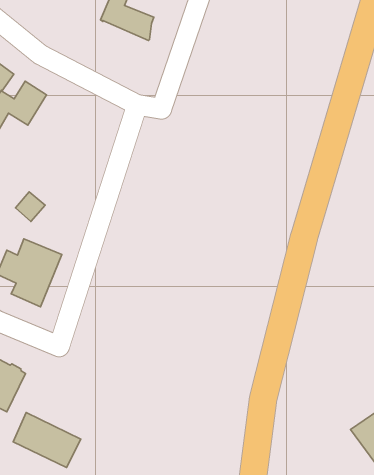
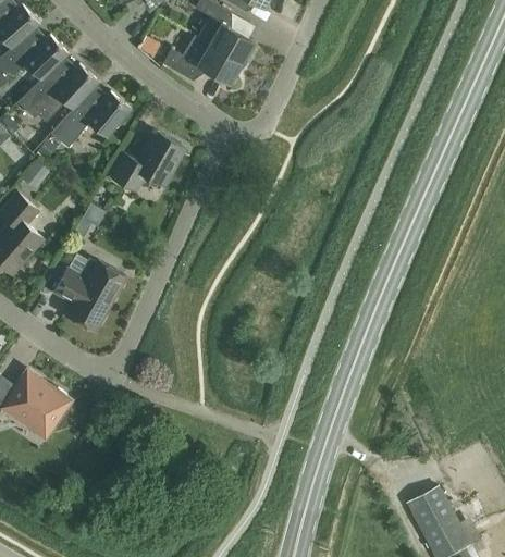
building: none -> [163,35,246,84]
building: none -> [111,132,185,191]
building: [13,412,81,468] -> none

